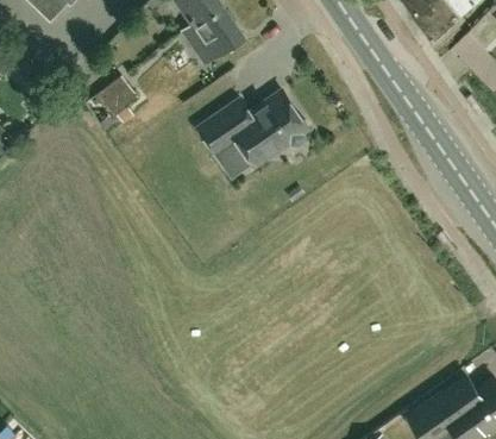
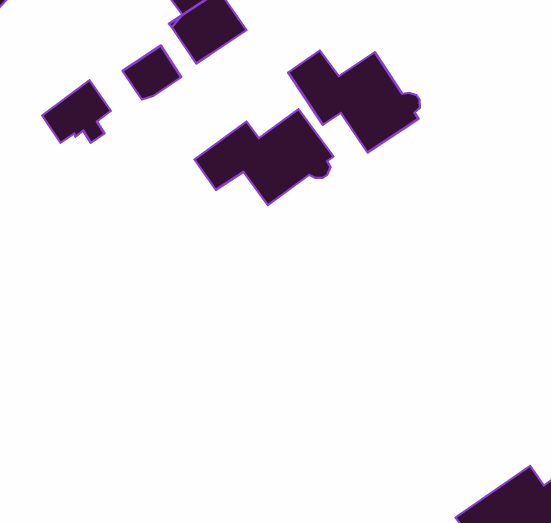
building: none -> [123,45,181,100]
building: none -> [288,50,420,153]

